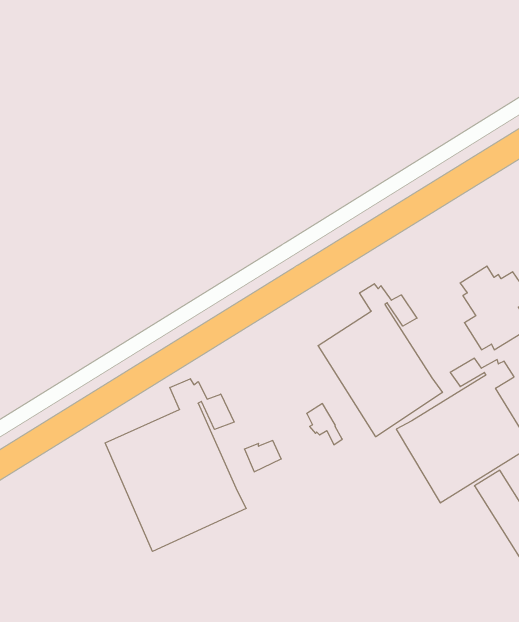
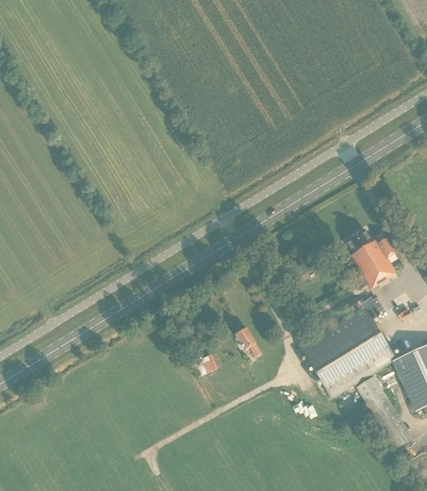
building: [318,284,442,437] -> none
building: [105,379,246,551] -> none

